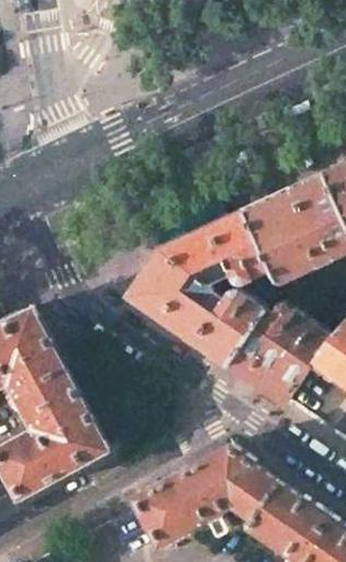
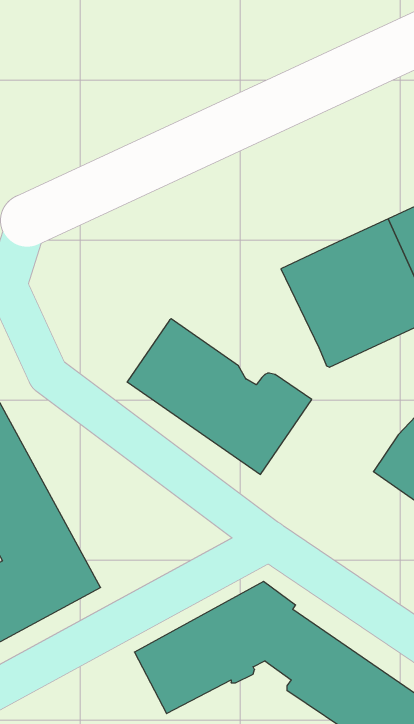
building: [160,212,271,284] -> none
building: [227,303,331,404] -> none

